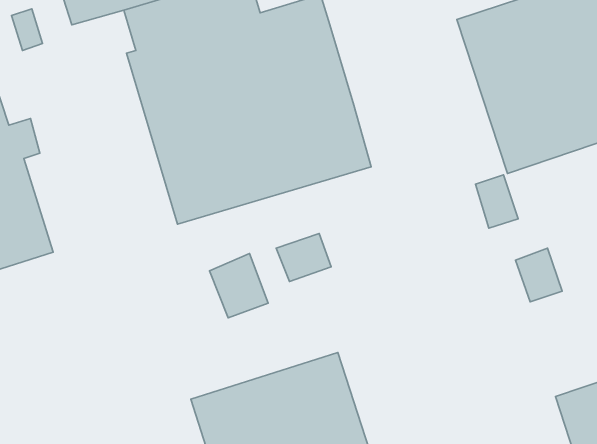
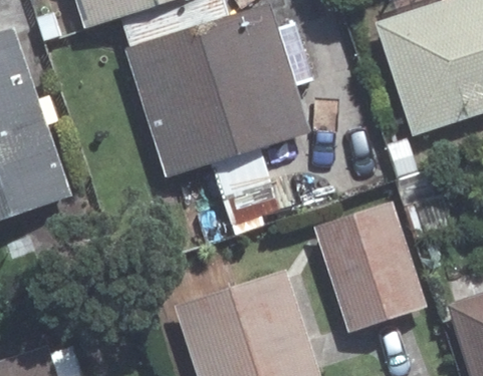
building: none -> [314,202,425,330]

